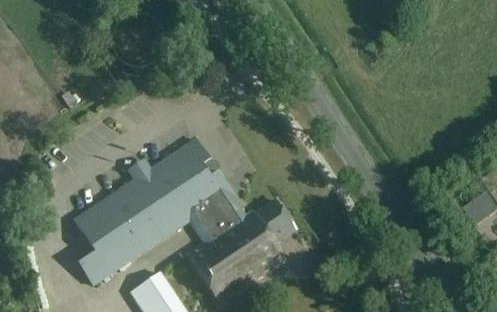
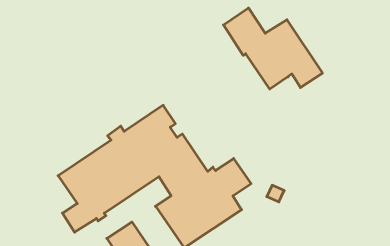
building: none -> [223,8,322,89]

